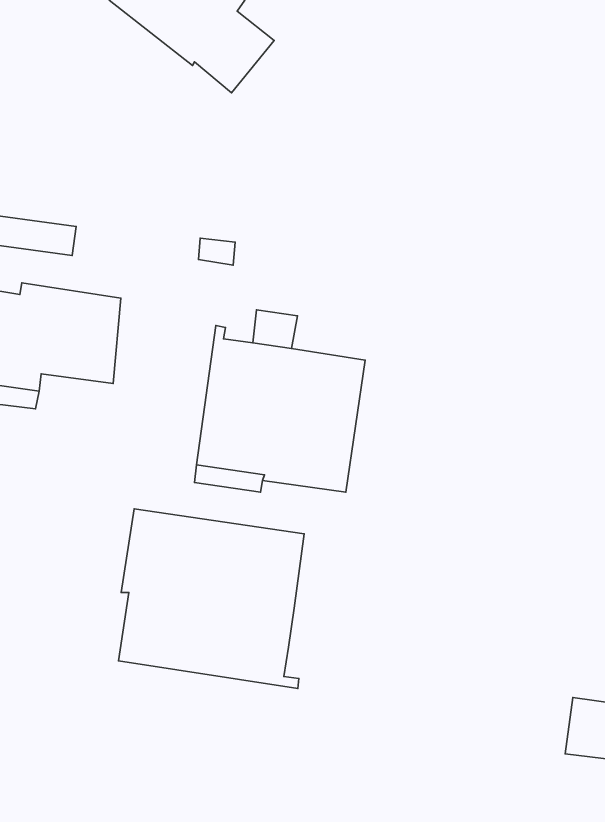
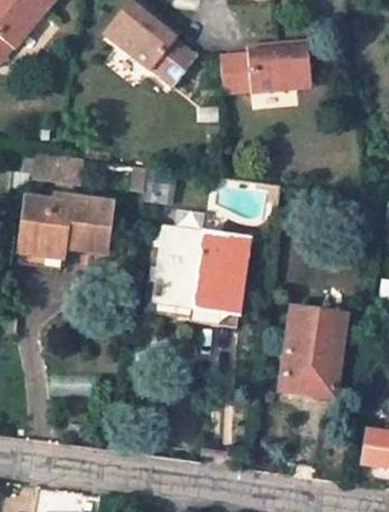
building: none -> [221,39,311,93]
building: none -> [280,309,344,397]
building: [119,509,304,688] -> none

